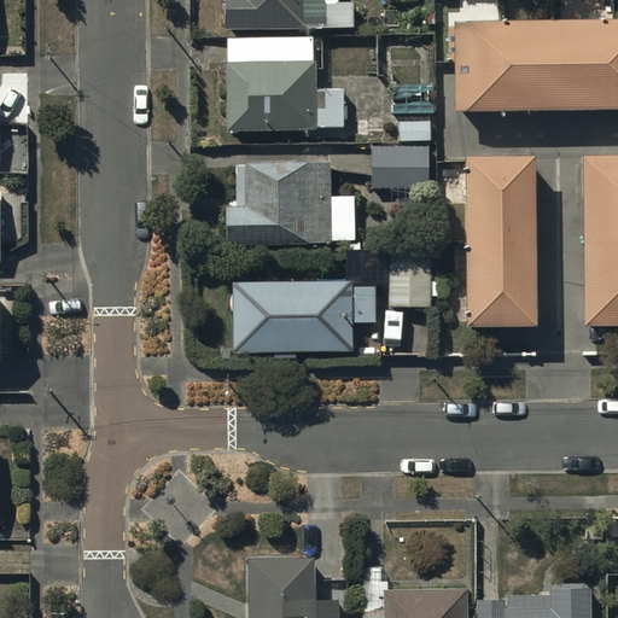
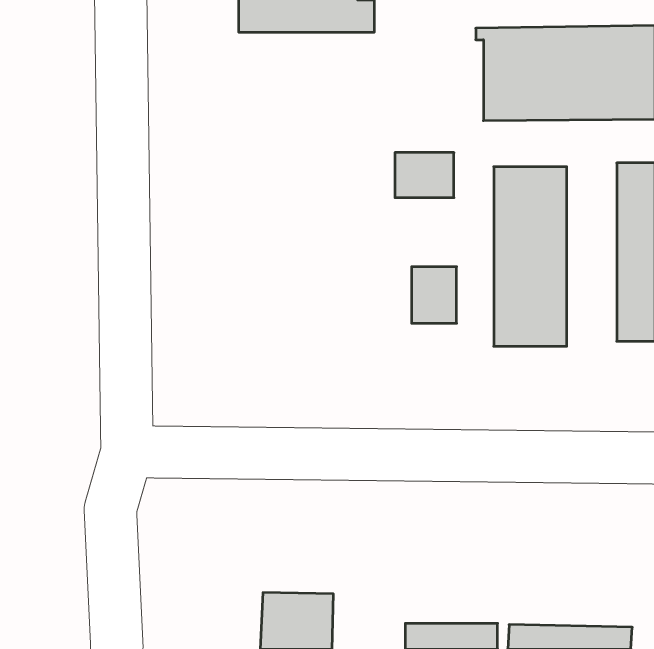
building: [228,35,346,134] -> none
building: [227,163,354,246] -> none
building: [234,282,377,356] -> none

